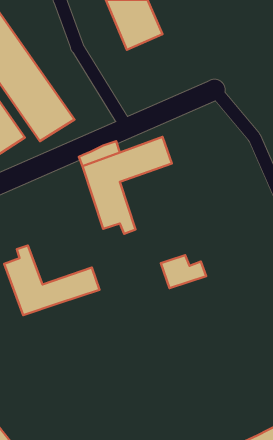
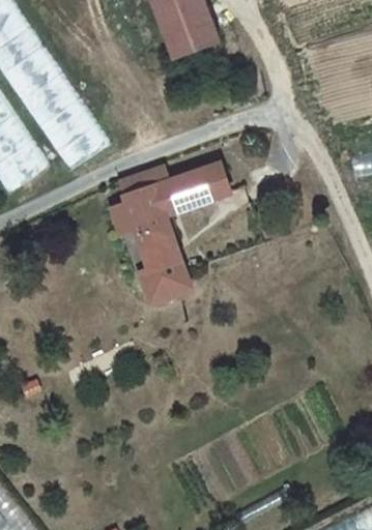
building: [4,246,100,315] -> none
building: [161,255,206,288] -> [136,267,190,306]

